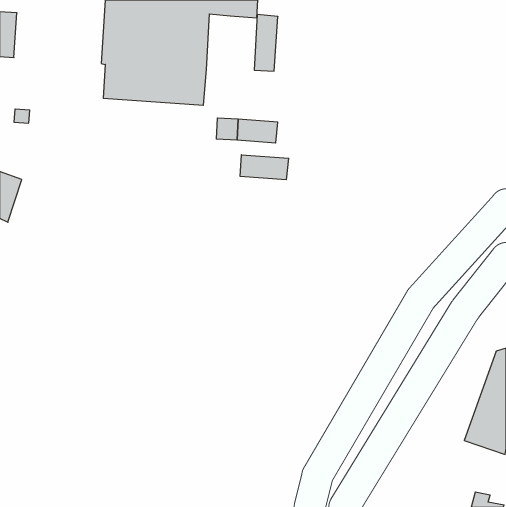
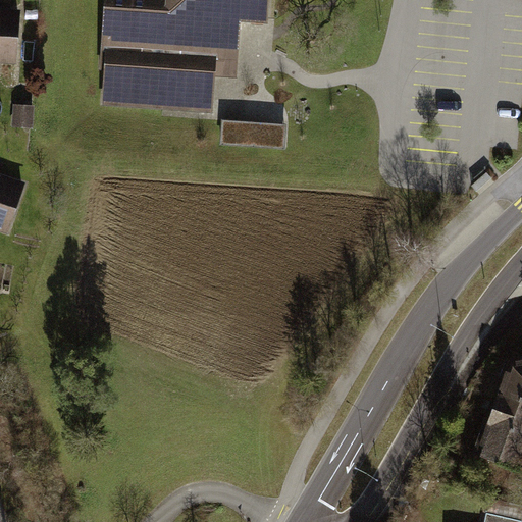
building: [254,15,278,71] -> [212,14,237,72]
building: [240,155,289,180] -> none

